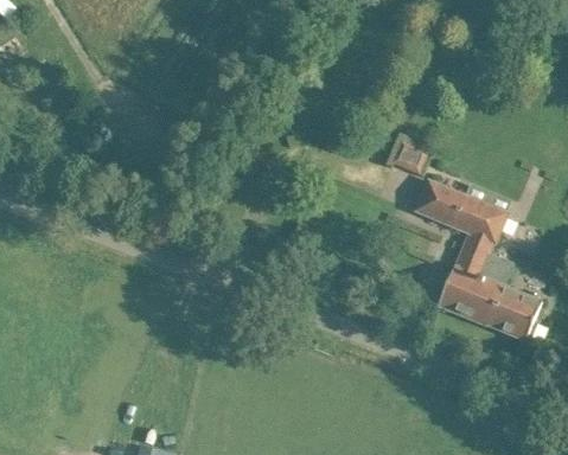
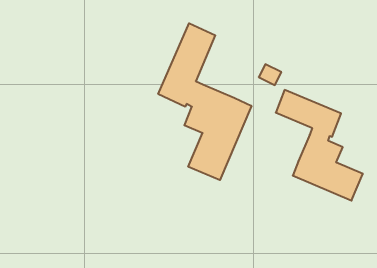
building: none -> [158,23,251,180]

